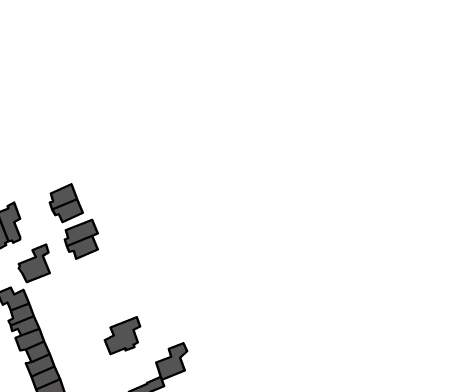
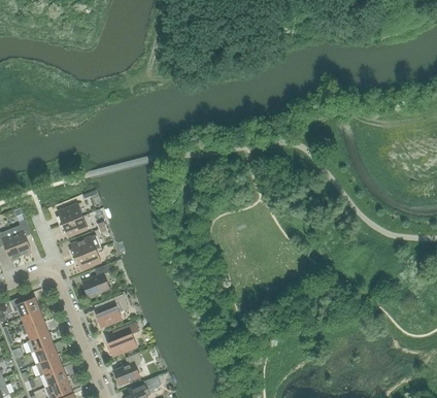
building: [19,244,50,282] -> [81,263,109,297]
building: none -> [94,293,128,327]
building: [156,343,187,380] -> [113,352,141,385]

